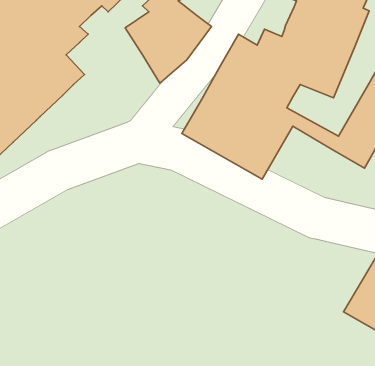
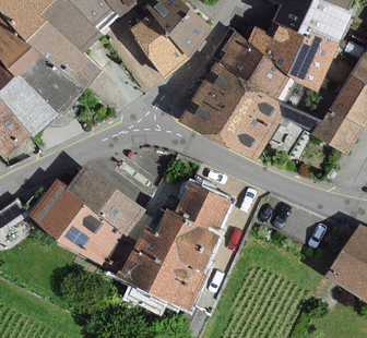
building: none -> [31,168,142,263]
building: none -> [122,184,230,306]

